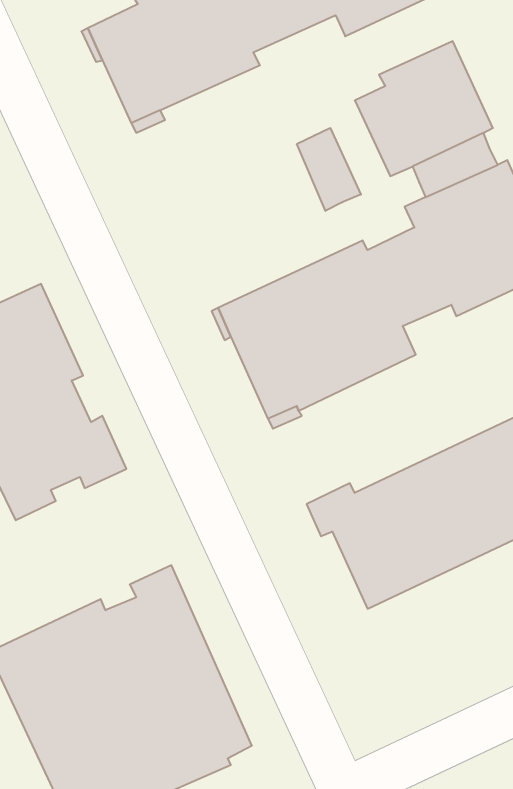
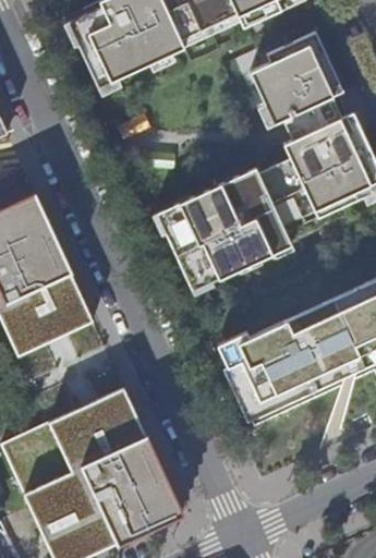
building: [297,128,361,211] -> none

